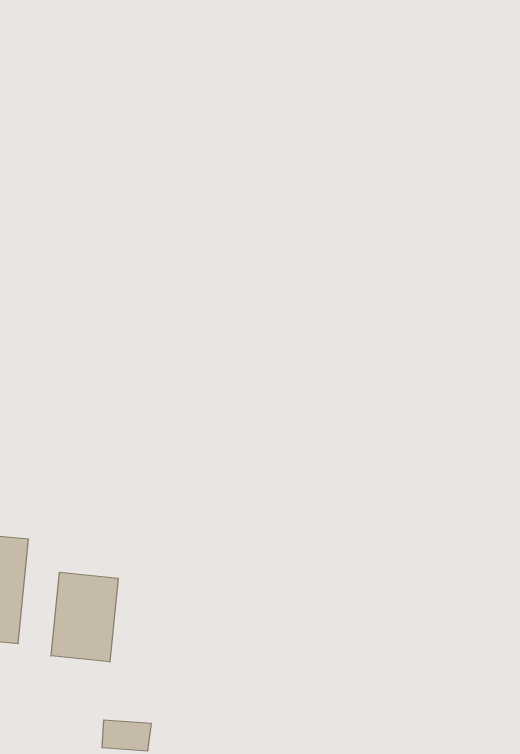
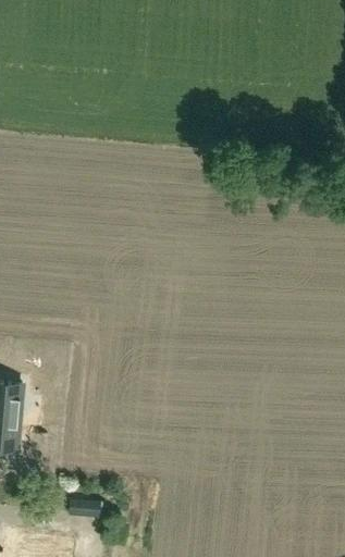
building: [51,572,118,662] -> none

